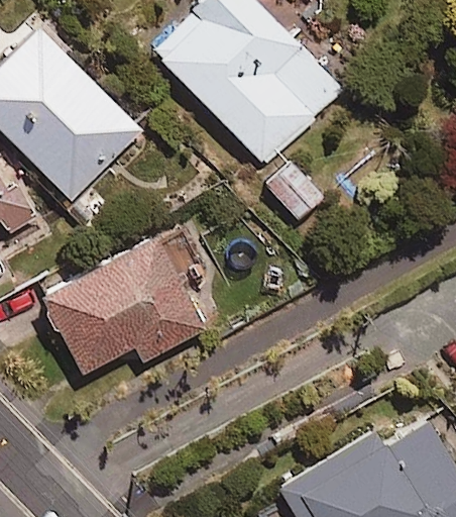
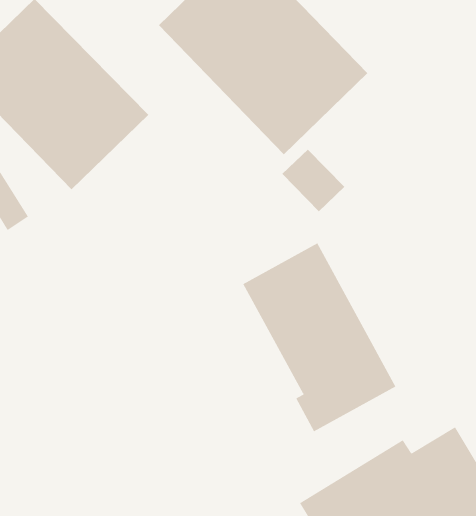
building: [39,232,205,373] -> none
building: none -> [243,242,396,432]

